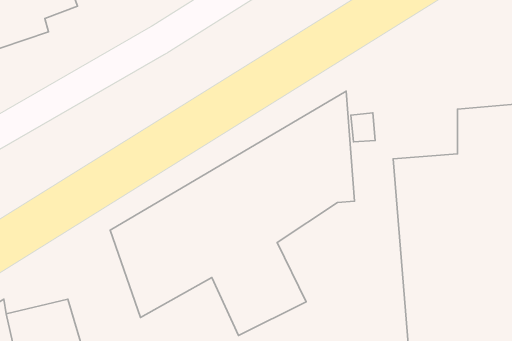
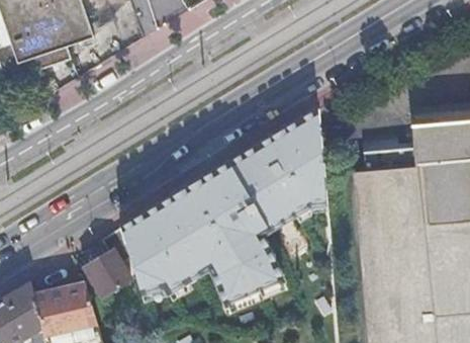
building: none -> [86,248,132,295]

